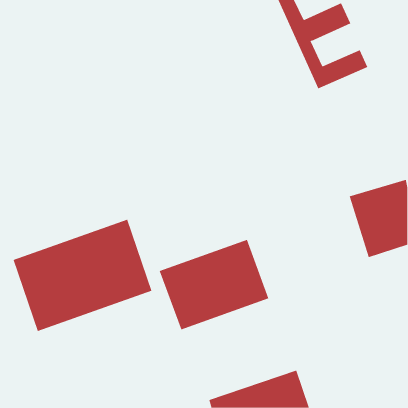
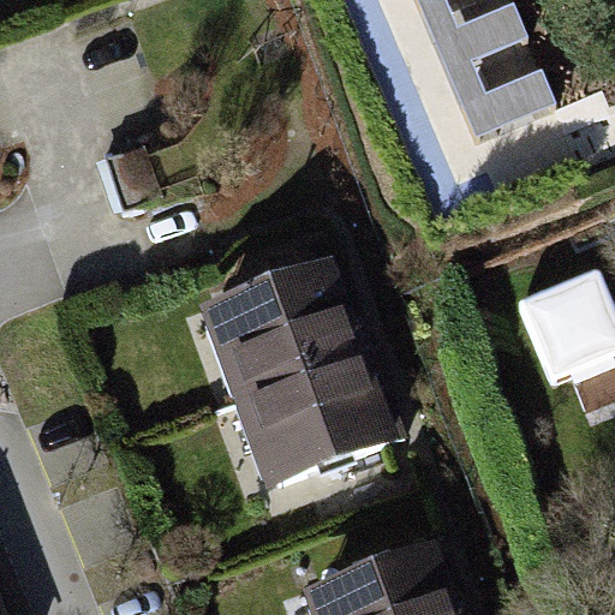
building: none -> [204,263,366,401]
building: [13,219,152,332] -> none

